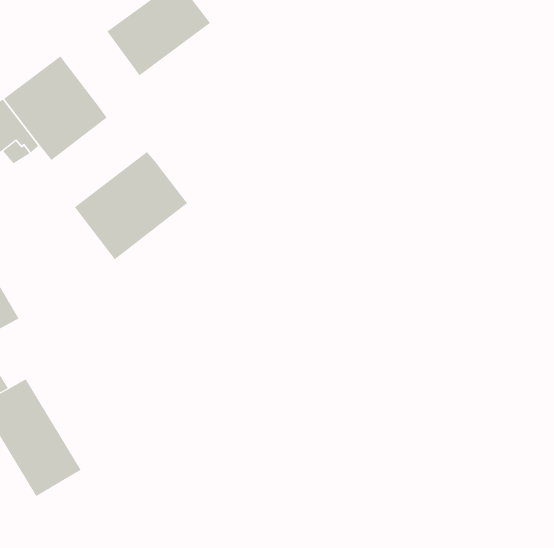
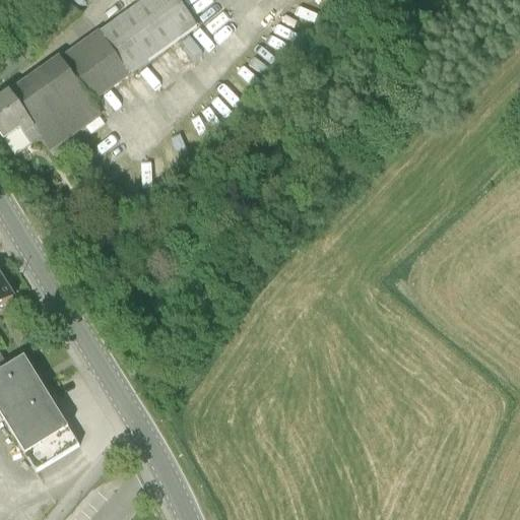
building: none -> [59,27,130,99]
building: [74,151,188,260] -> none

